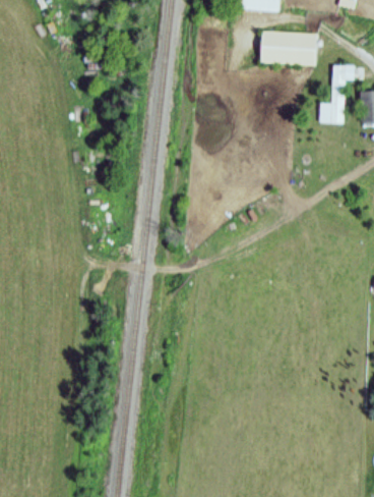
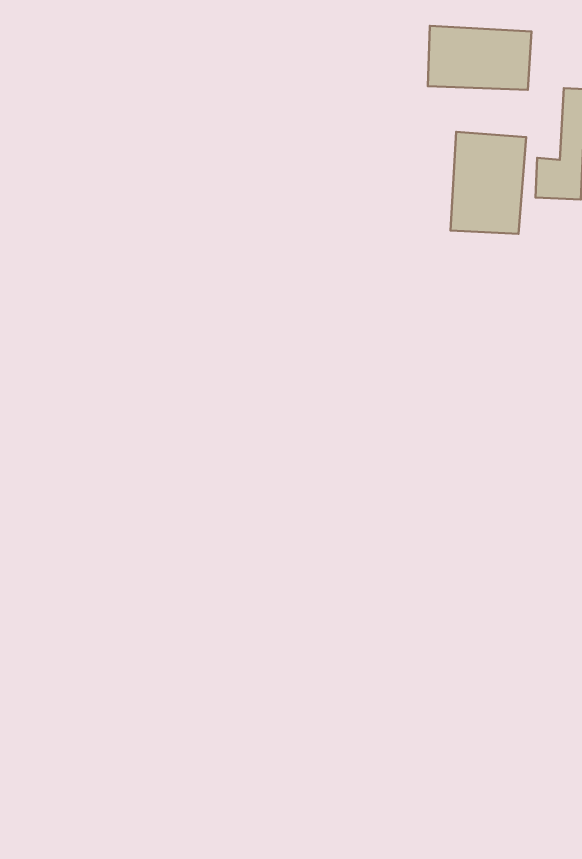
building: none -> [451,132,526,234]

